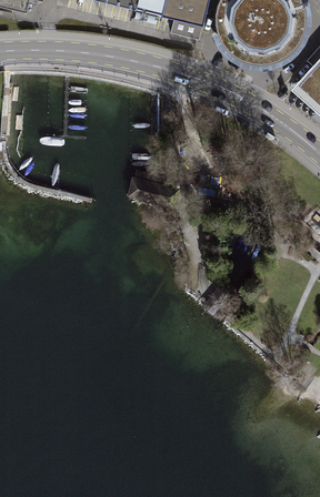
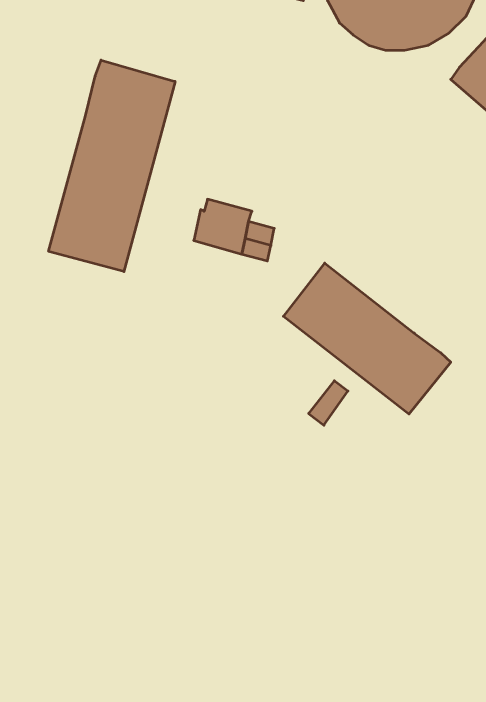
building: none -> [49,60,175,272]
building: none -> [283,263,451,414]

